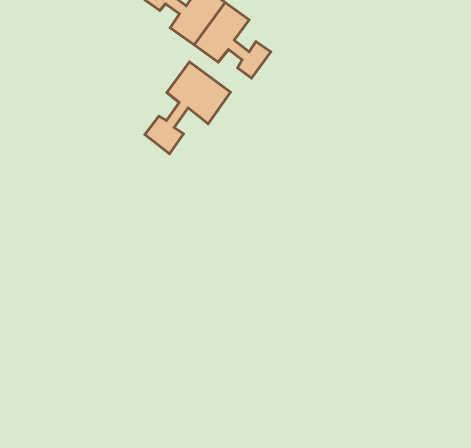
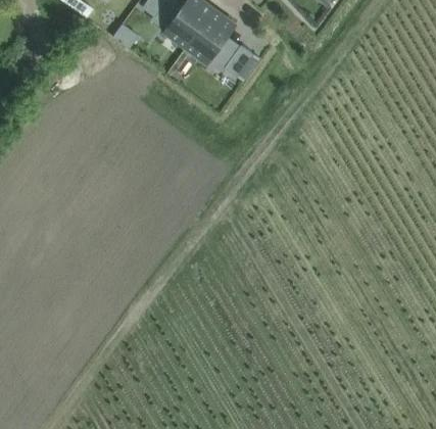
building: [145,62,231,154] -> none

